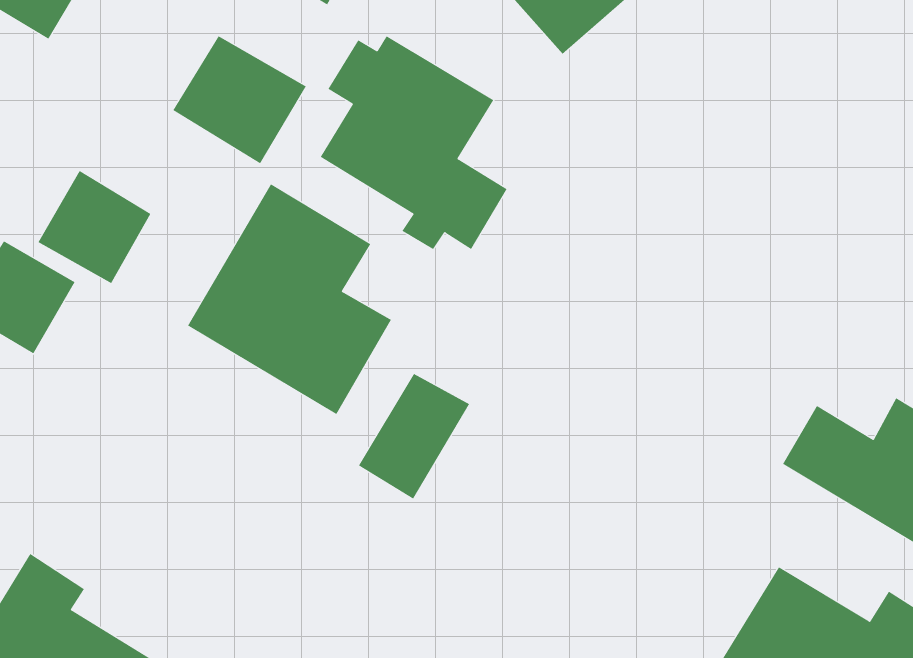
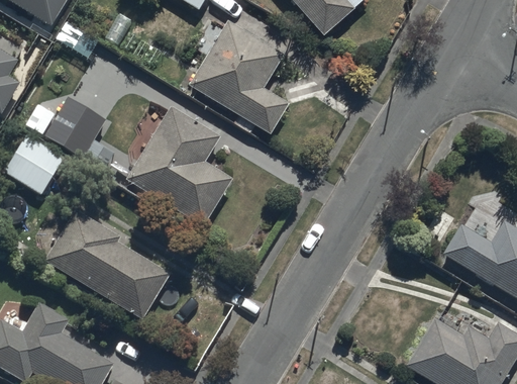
building: [173,35,307,164] -> none
building: [358,373,470,499] -> none
building: none -> [43,208,169,318]

